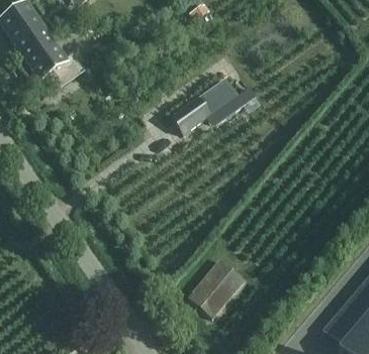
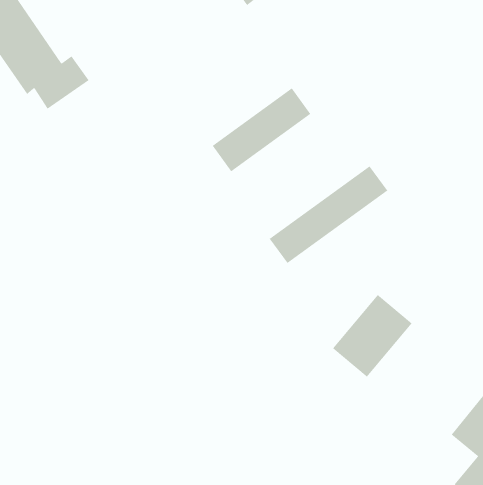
building: none -> [269,165,388,264]
building: [190,260,246,318] -> [332,294,412,377]

